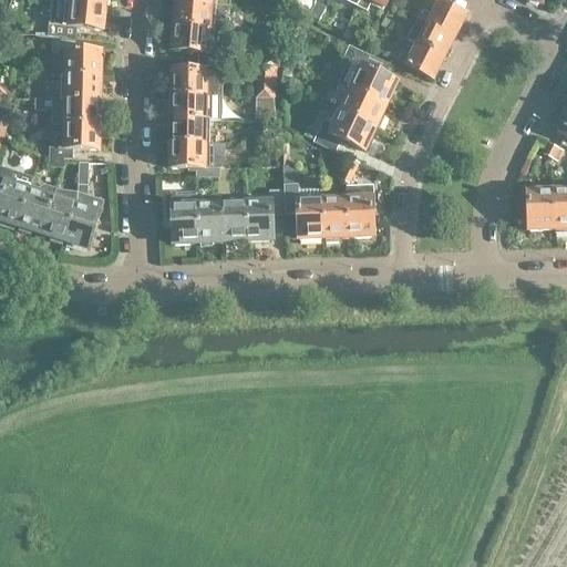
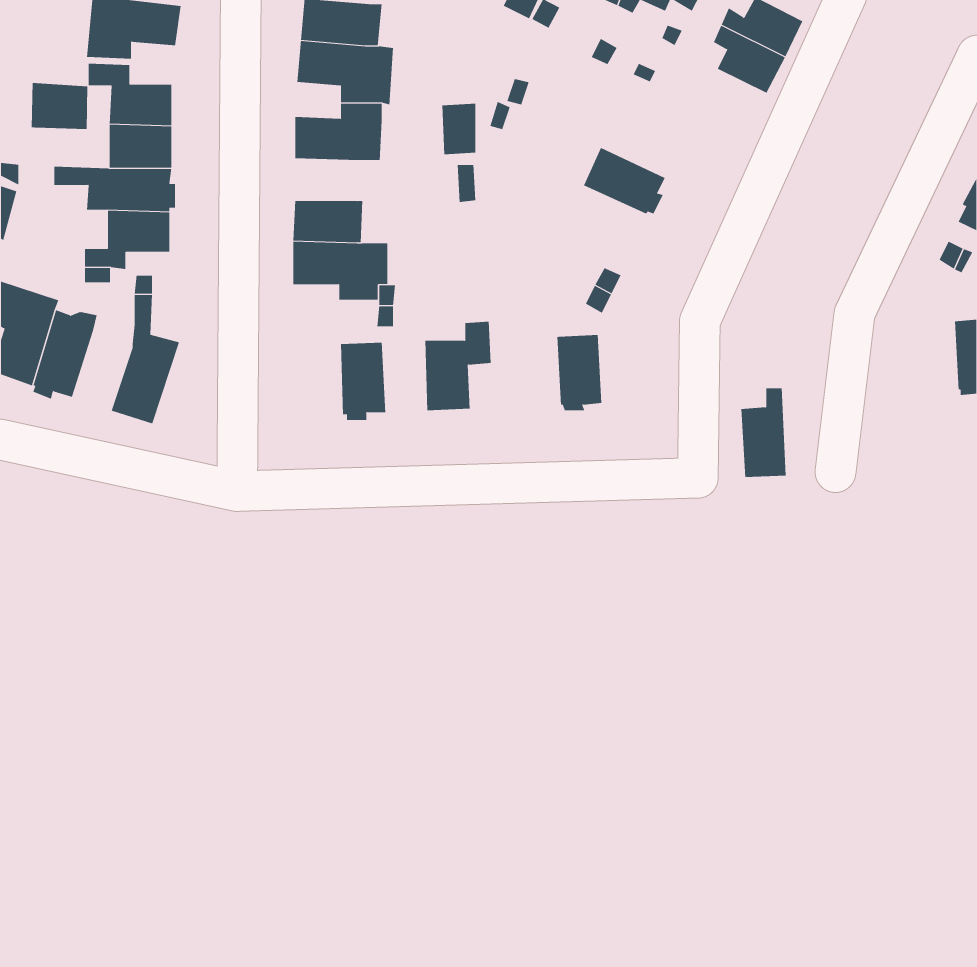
building: [396,40,444,75] -> none
building: [336,42,395,103] -> none
building: none -> [31,82,88,130]
building: [167,92,223,116] -> none
building: [312,107,374,150] -> none
building: [282,162,324,236] -> none
building: [347,182,373,234] -> [741,388,786,478]
building: [528,186,555,227] -> none
building: [172,189,198,241] -> none
building: [42,192,76,241] -> none
building: [221,197,247,243] -> none

